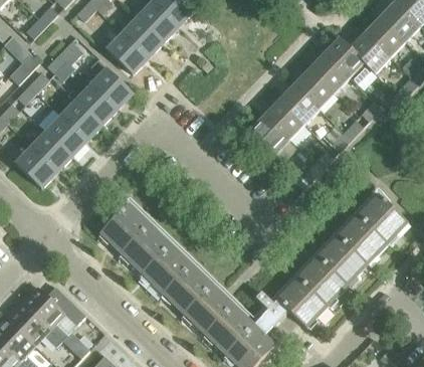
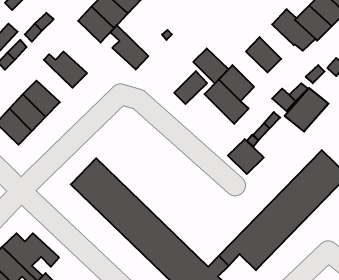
building: [309,54,348,93] -> none
building: [89,59,132,109] -> [110,25,148,70]
building: [279,84,319,124] -> [193,48,228,84]
building: [61,101,101,141] -> none
building: none -> [174,71,207,104]
building: none -> [285,88,329,132]
building: none -> [228,139,264,174]

